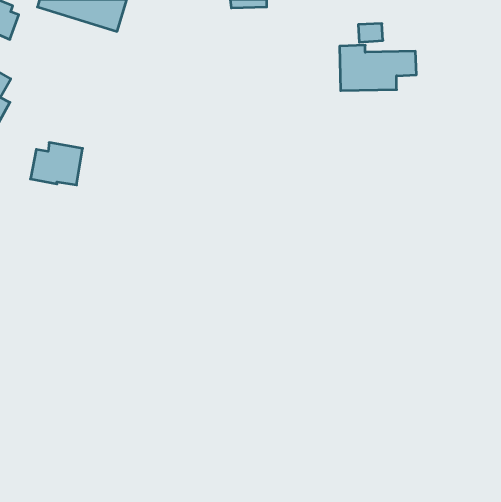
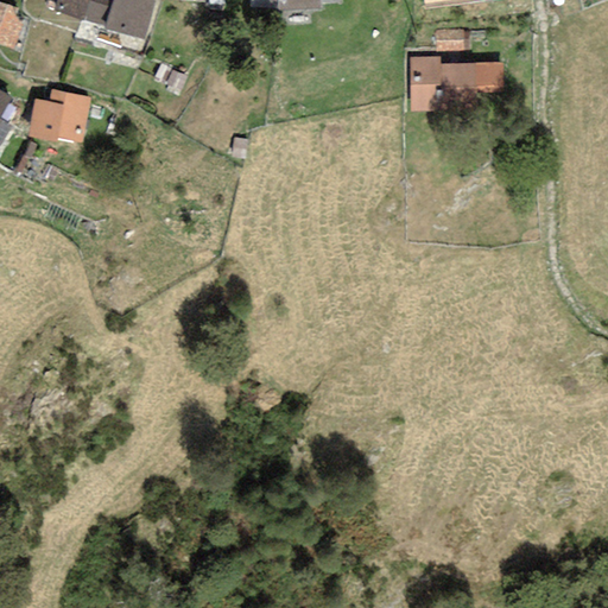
building: [30,143,83,185] -> [28,89,91,140]

